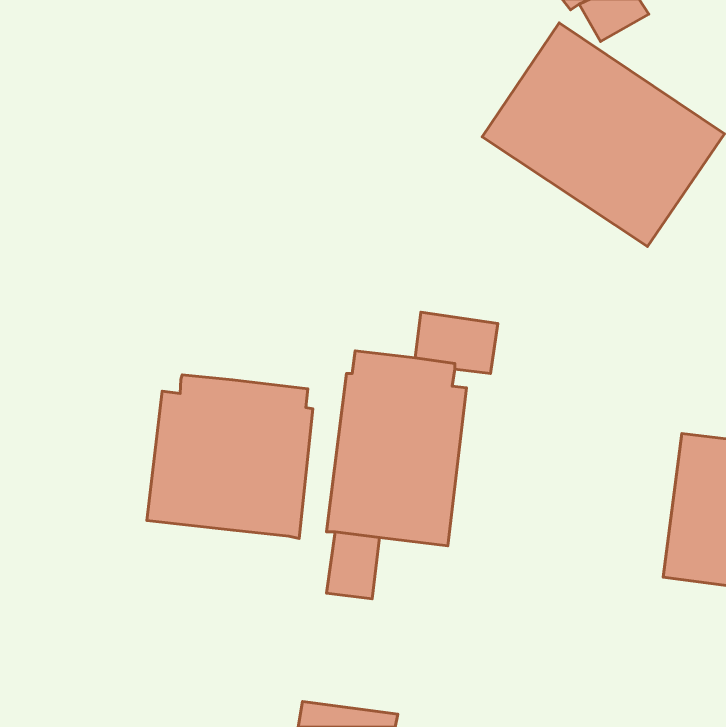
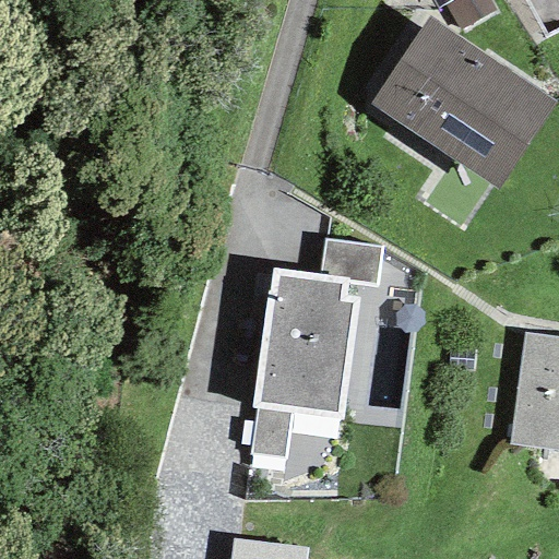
building: [147,375,313,538] -> none

